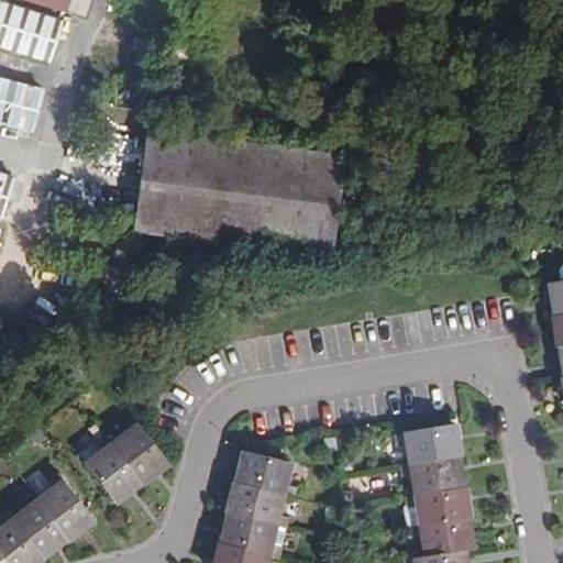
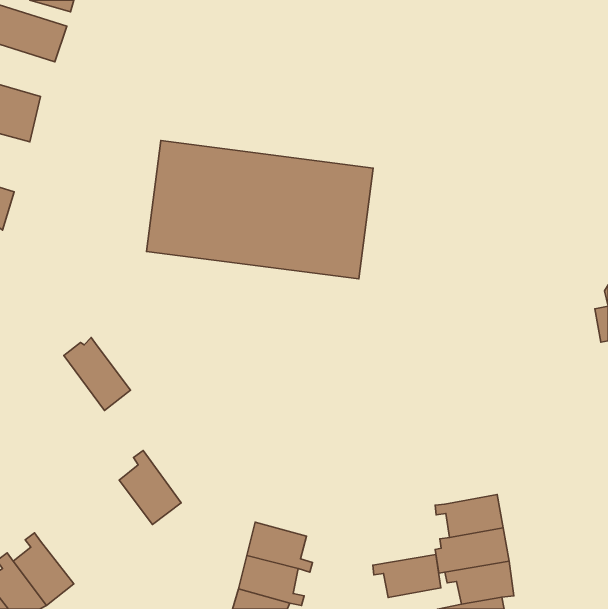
building: [396,426,459,465] -> [373,555,441,597]
building: [79,435,141,503] -> [64,338,131,410]
building: [235,453,295,497] -> none
building: [37,474,91,539] -> none

